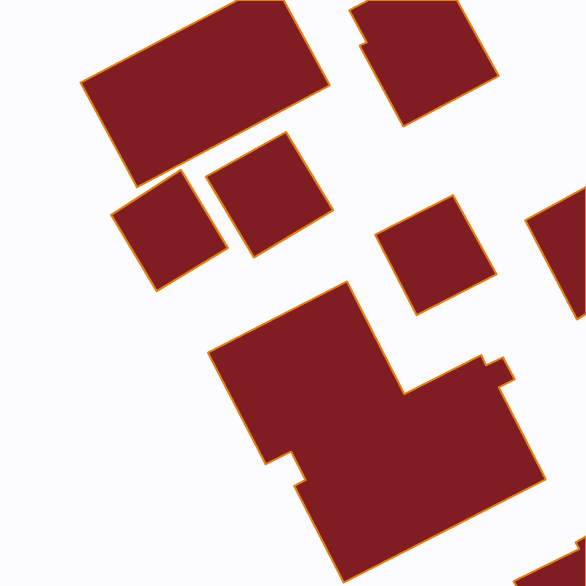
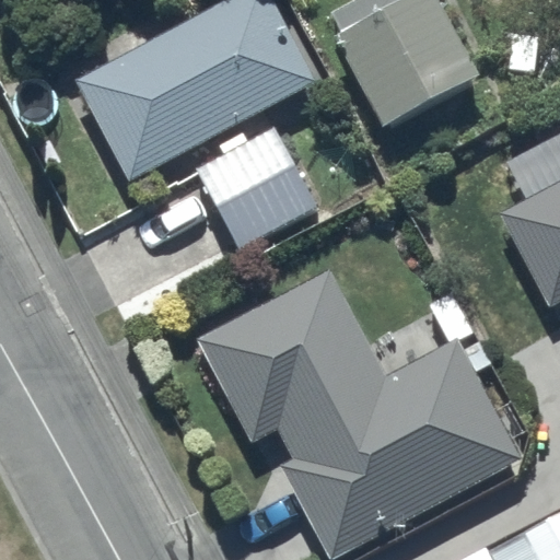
building: [111,170,228,291] -> none
building: [375,195,497,315] -> none

